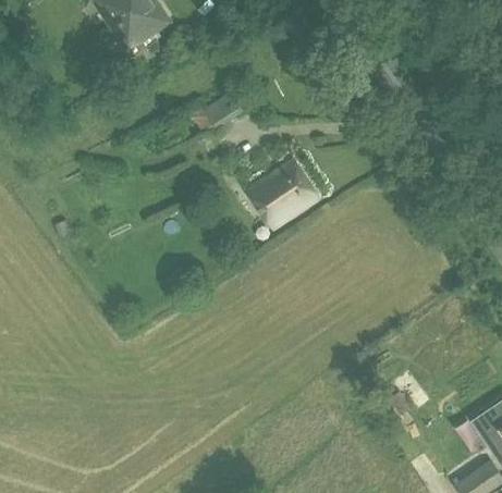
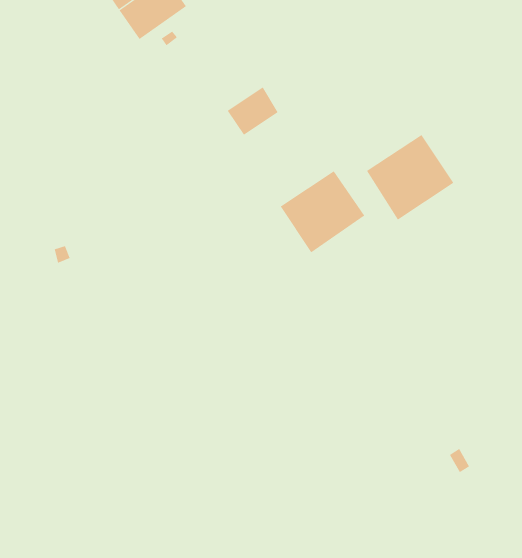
building: none -> [366,134,454,221]

